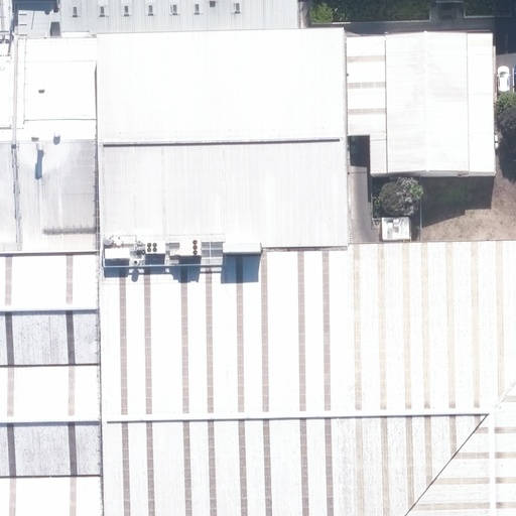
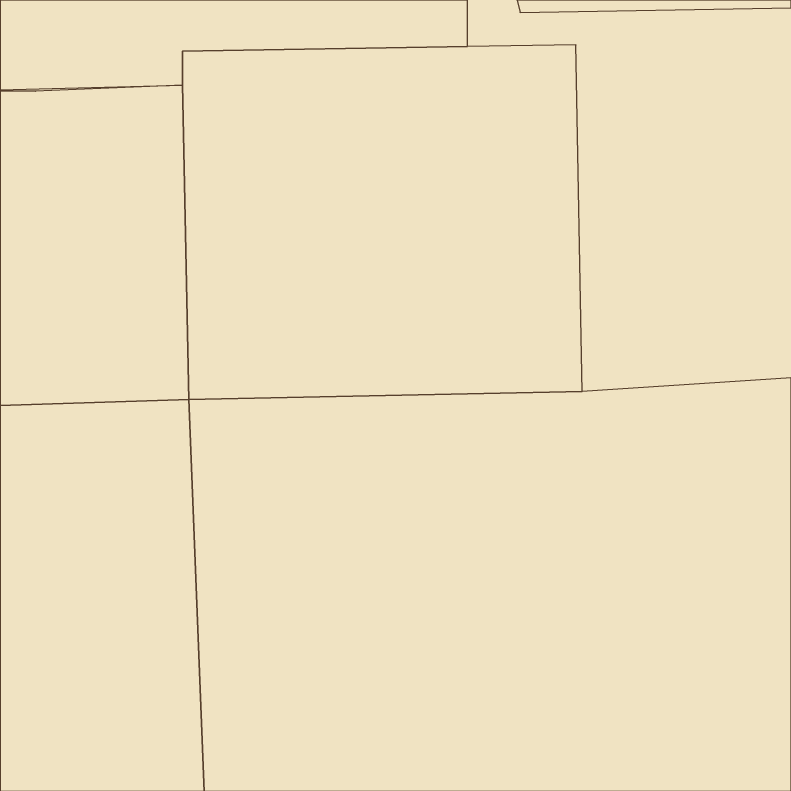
building: [389,23,484,179] -> none

